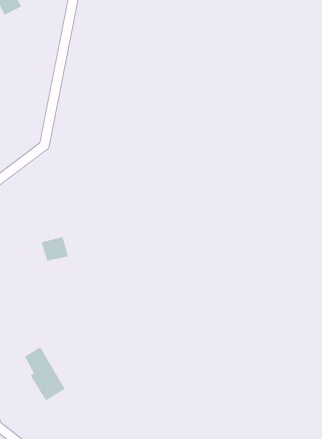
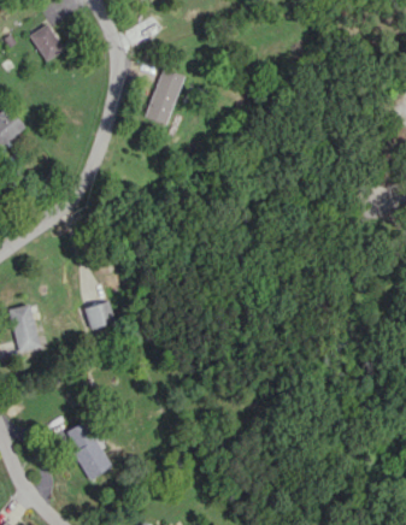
building: none -> [145,67,184,124]

